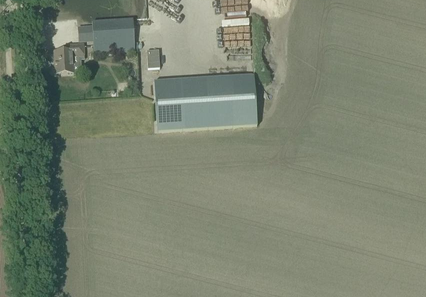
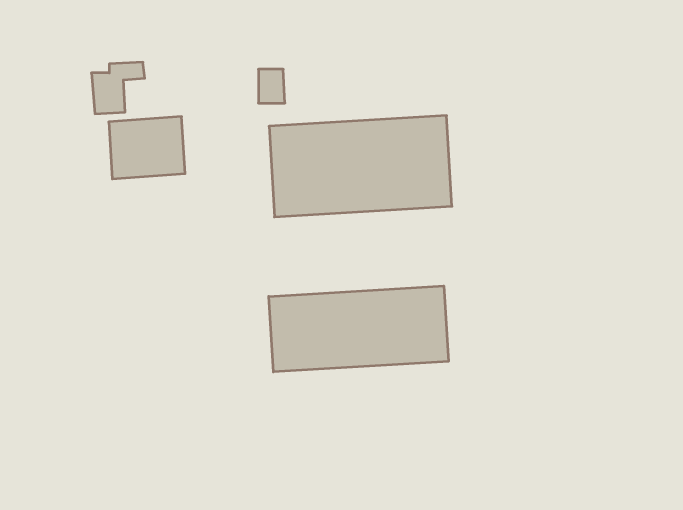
building: [92,17,135,52] -> [109,117,185,179]
building: none -> [269,286,448,372]

